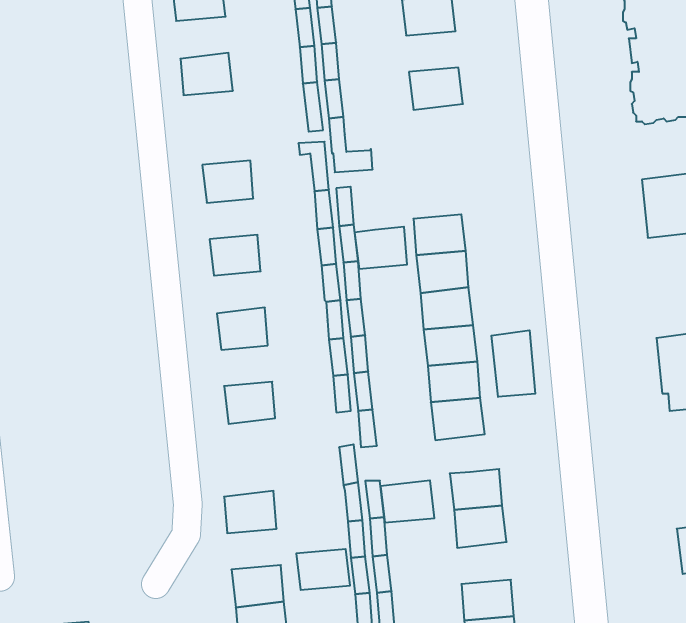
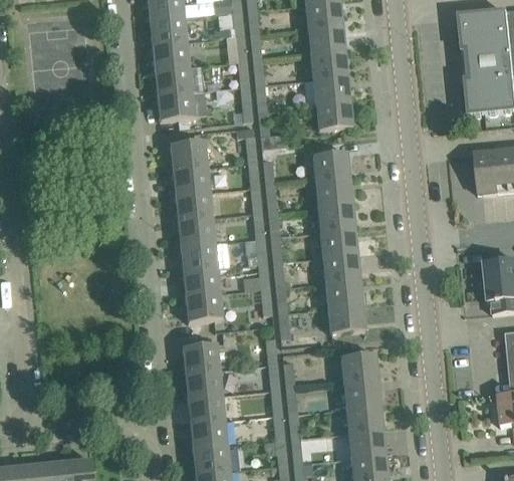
building: none -> [153,40,189,69]
building: none -> [311,50,347,78]
building: none -> [158,91,195,119]
building: none -> [316,100,352,130]
building: none -> [174,166,209,194]
building: [355,227,407,269] -> [313,151,349,180]
building: none -> [179,216,214,245]
building: [491,330,535,397] -> none
building: none -> [184,267,219,295]
building: none -> [183,342,220,372]
building: [381,480,434,523] -> [346,403,383,432]
building: [296,549,350,590] -> [188,394,225,422]

